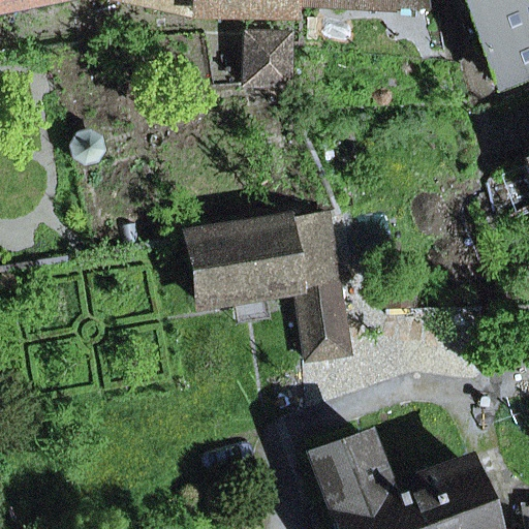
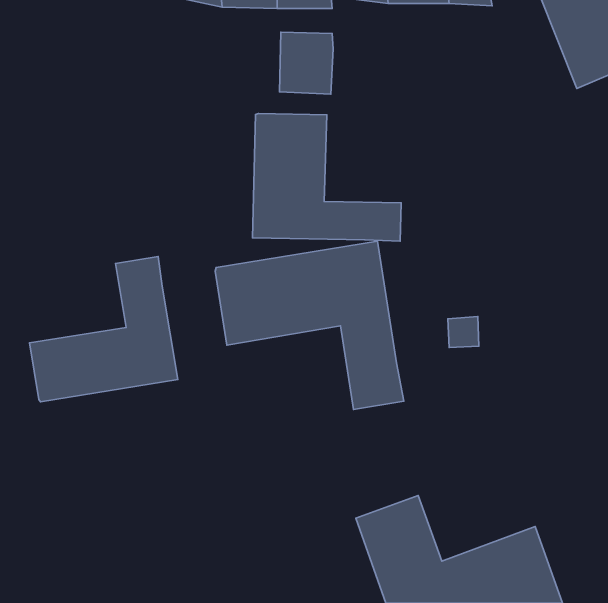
building: none -> [252,113,401,241]
building: none -> [29,257,178,402]

